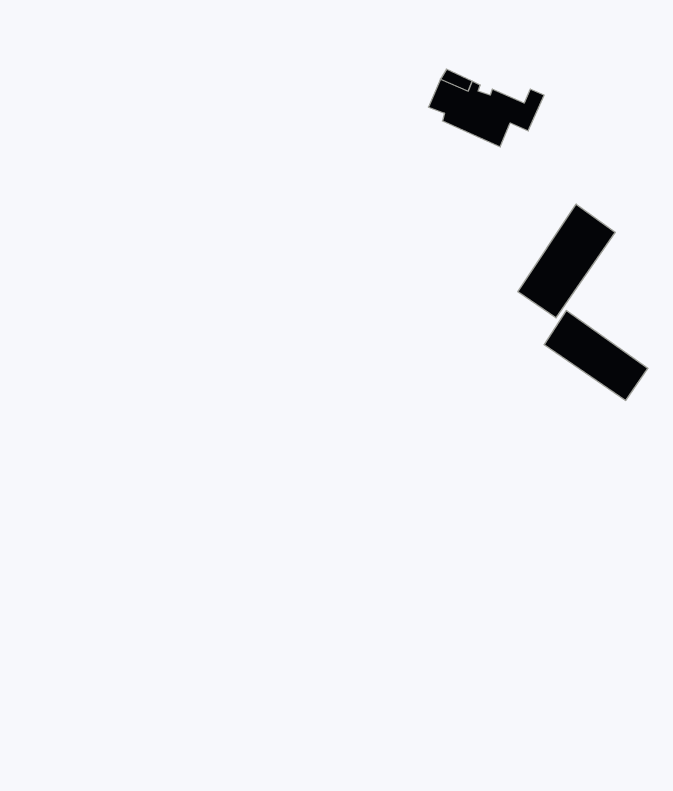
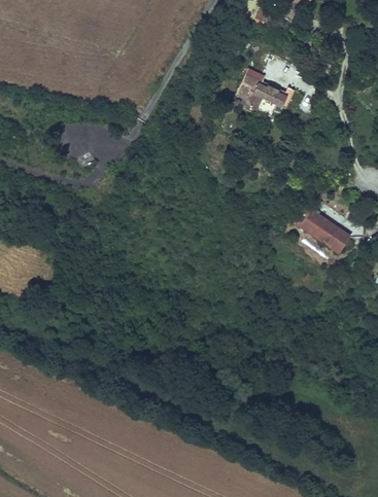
building: [518,204,615,318] -> none

